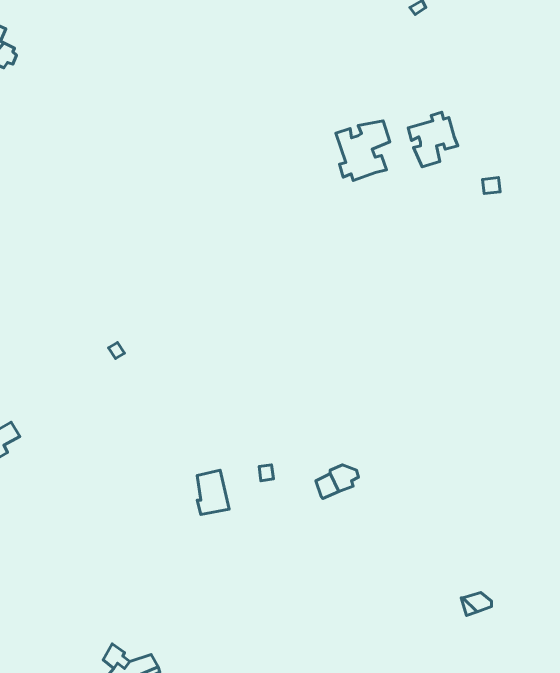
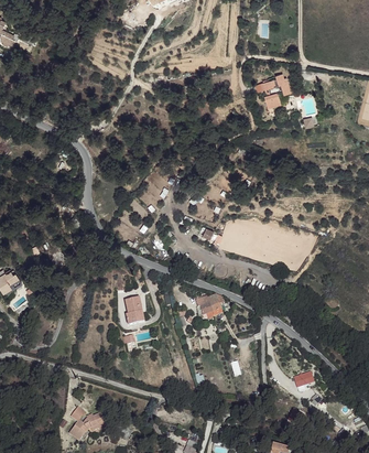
building: [336,121,390,180] -> none

